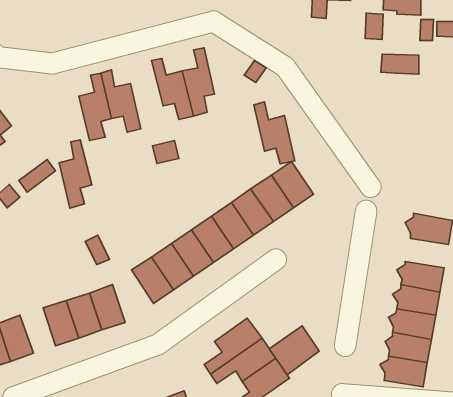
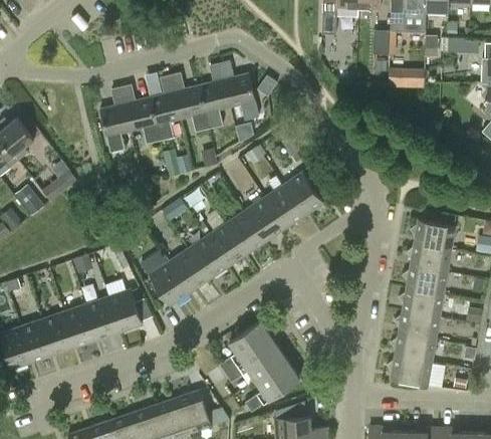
building: [254,102,295,164] -> [219,59,258,119]
building: [59,140,92,208] -> [149,74,180,140]
building: none -> [407,244,452,272]
building: none -> [43,310,77,354]
building: [269,326,319,375] -> none

